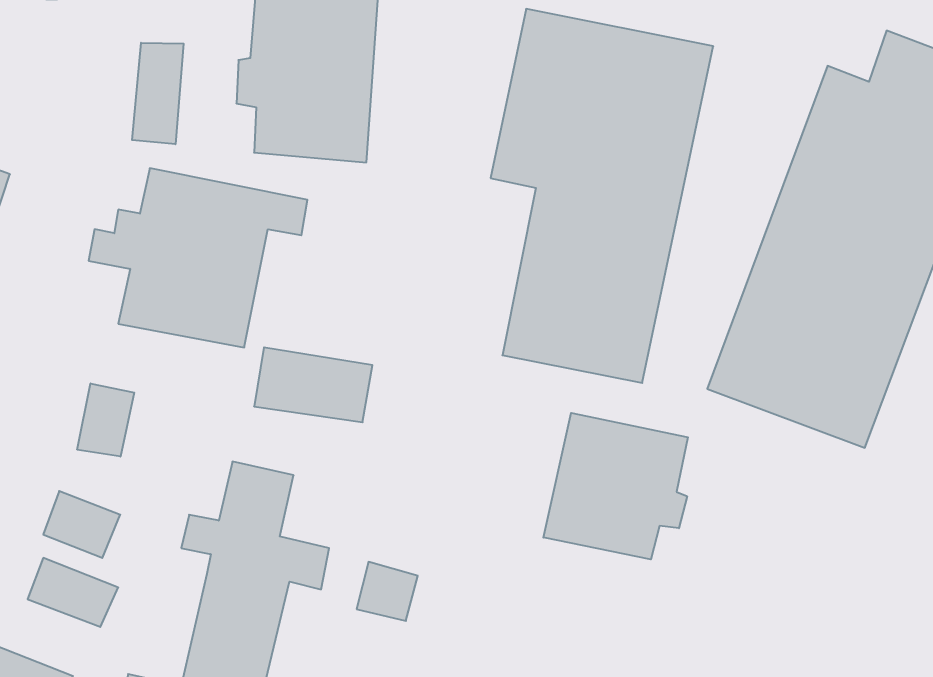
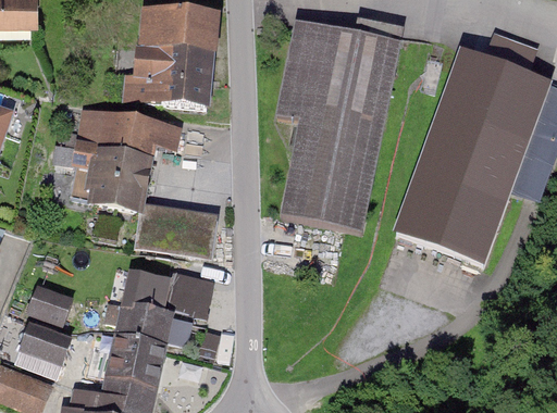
building: [132,43,184,144] -> none
building: [77,383,134,457] -> none
building: [543,413,688,559] -> none
building: none -> [166,273,210,316]

